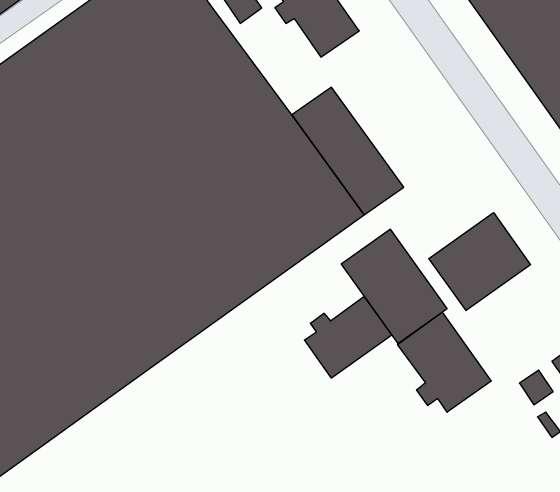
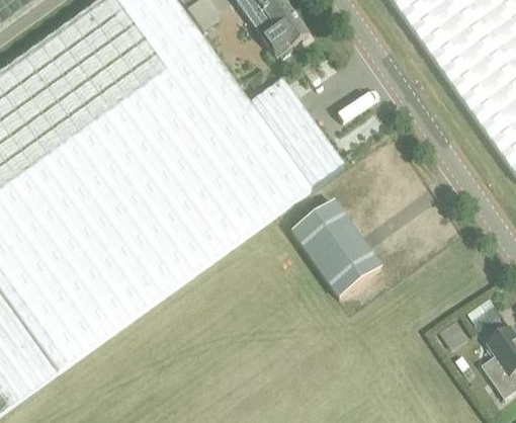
building: [429,213,531,311] -> none
building: [304,297,392,378] -> none
building: [398,312,491,412] -> none

